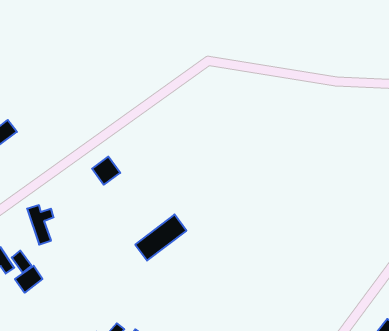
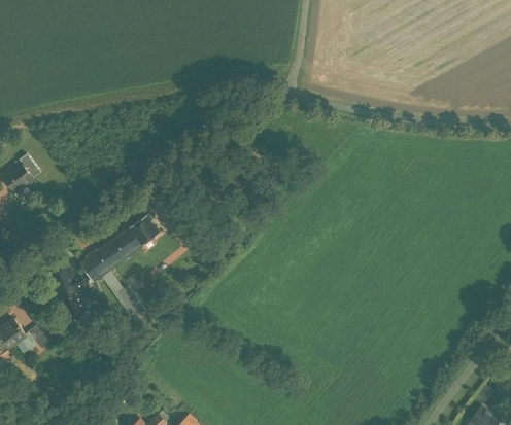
building: [135,214,186,261] -> [80,225,142,281]
building: [15,266,42,293] -> none

